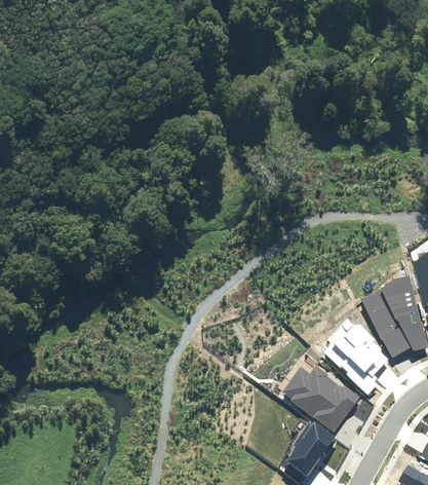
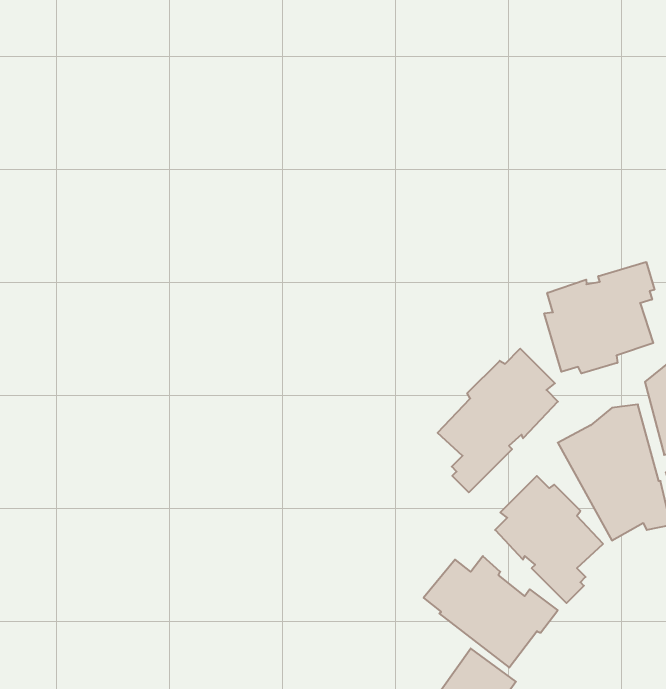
building: none -> [544,262,654,373]
building: none -> [438,349,558,492]

